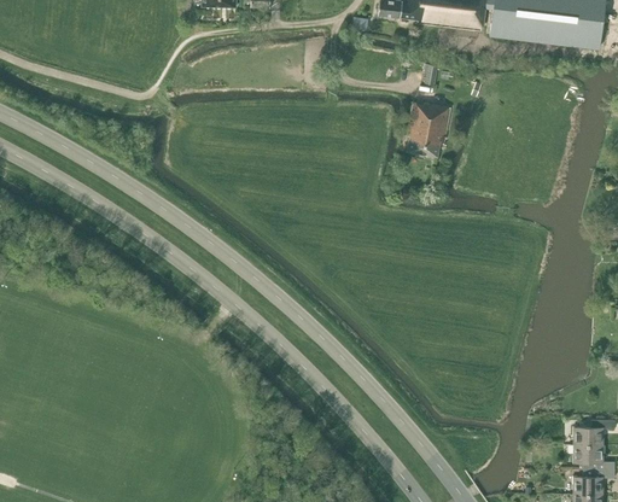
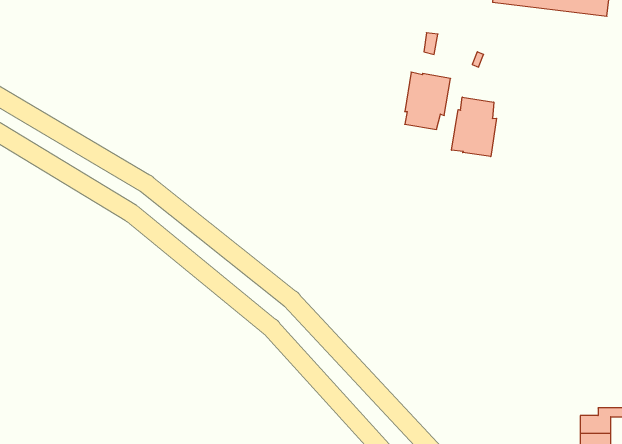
building: none -> [452,97,496,157]

